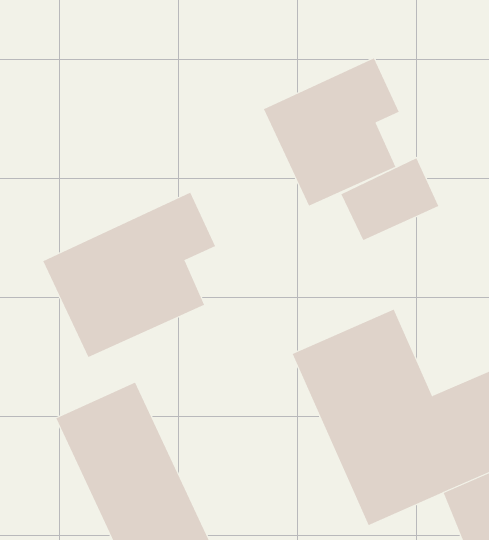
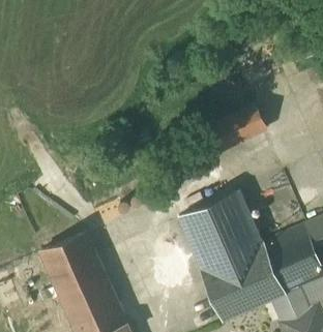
building: [263,57,399,206] -> none
building: [43,192,216,358] -> none

